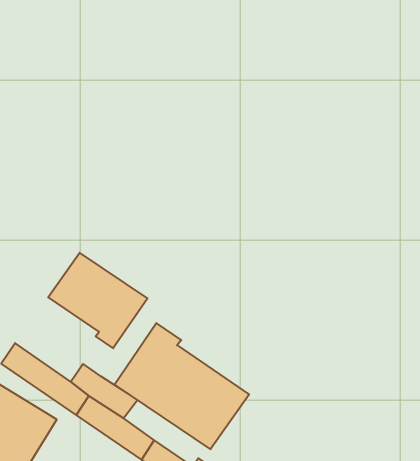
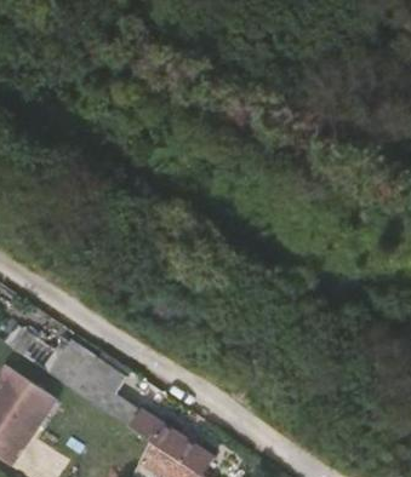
building: [48,253,147,348] -> none
building: [114,323,249,449] -> none

